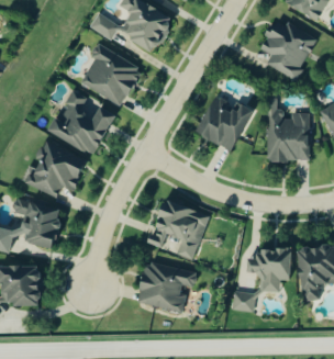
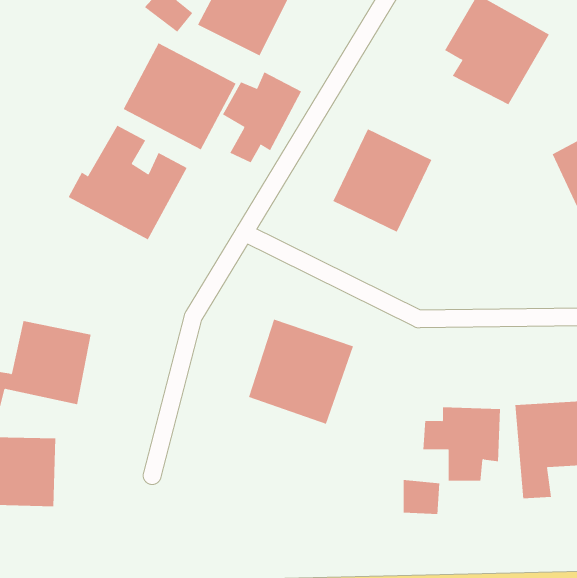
building: none -> [222,72,302,163]
building: [266,99,309,161] -> none
building: [26,142,86,197] -> none
building: [136,262,196,312] -> none

